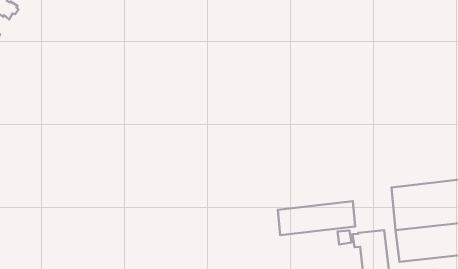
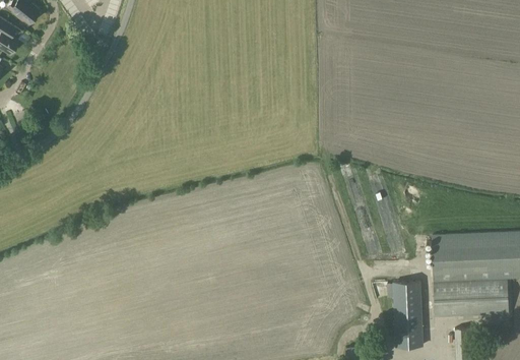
building: [278,201,355,235] -> none

